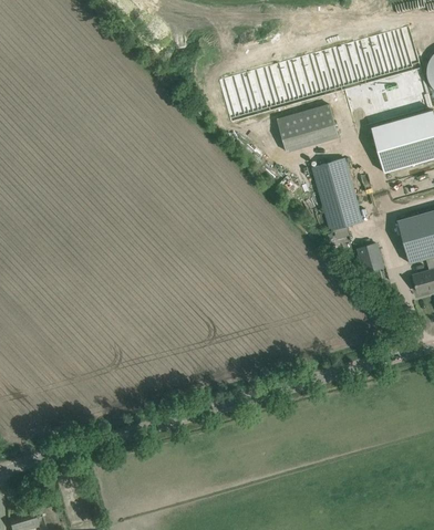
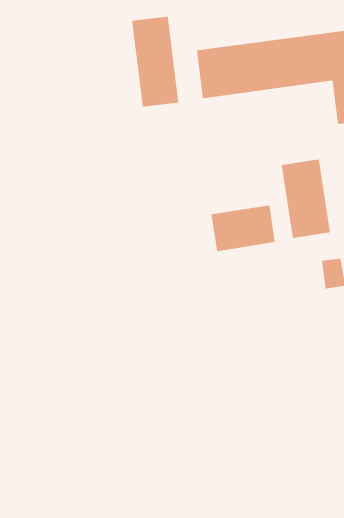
building: none -> [132,16,179,107]
building: [277,104,339,153] -> [210,205,275,252]

